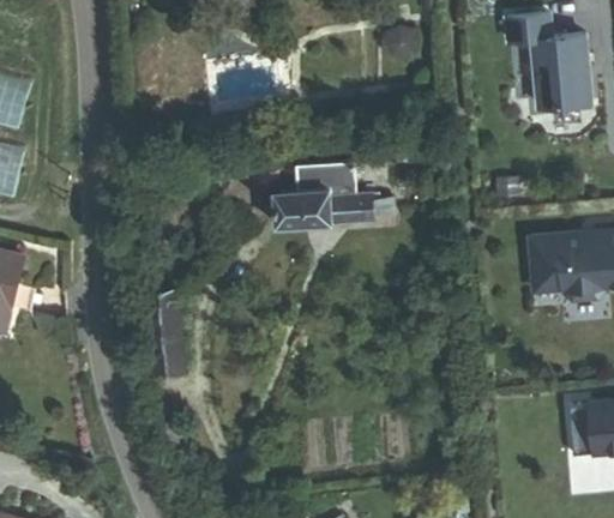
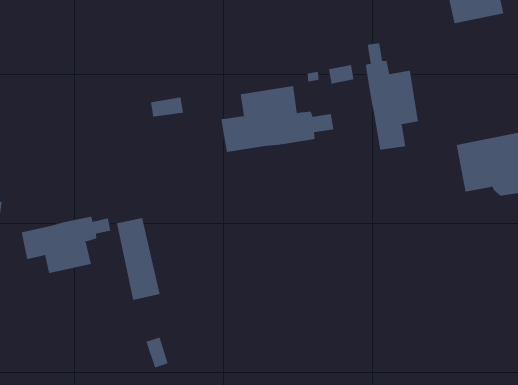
building: none -> [365,42,419,151]
building: none -> [21,216,111,274]

